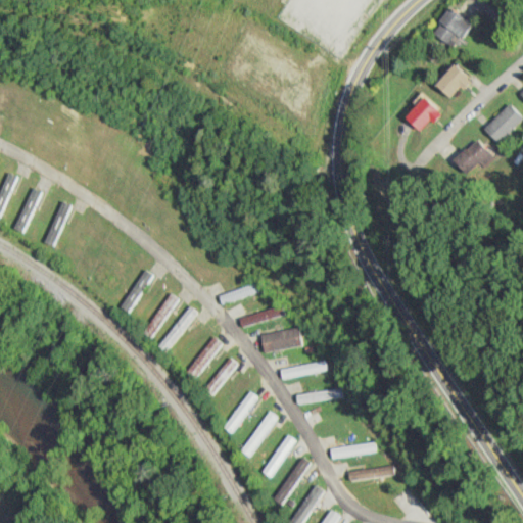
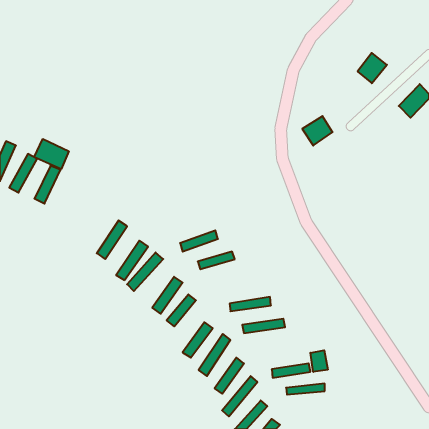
building: [432,8,473,44] -> none
building: [403,97,440,133] -> [302,116,333,146]
building: [464,140,490,168] -> none
building: none -> [34,139,69,169]
building: [260,330,301,350] -> none
building: none -> [310,350,328,372]

